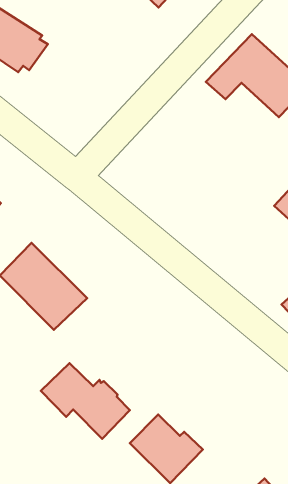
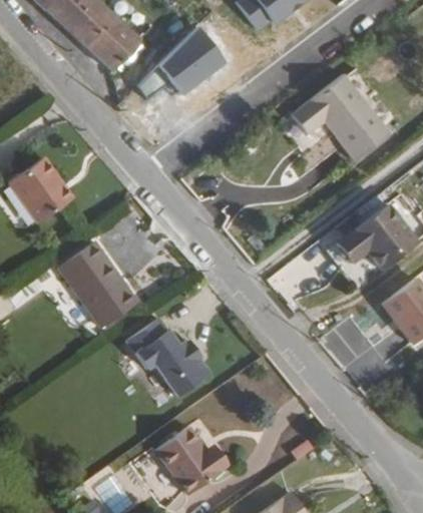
building: none -> [136,29,222,100]
building: [41,363,130,439] -> [127,316,209,394]

